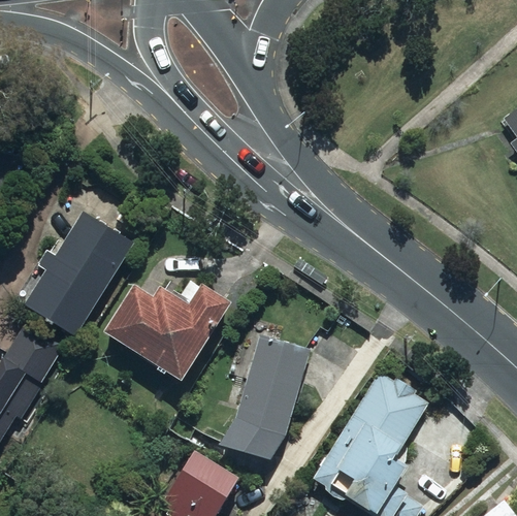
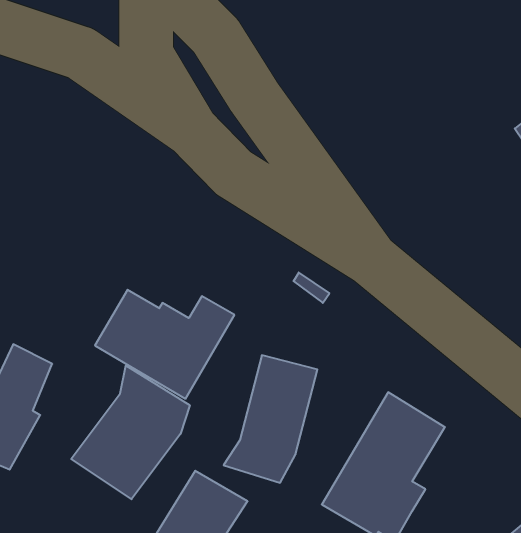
building: [27,215,131,334] -> none
building: none -> [71,366,190,499]

